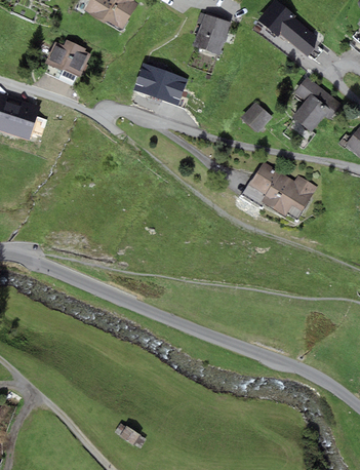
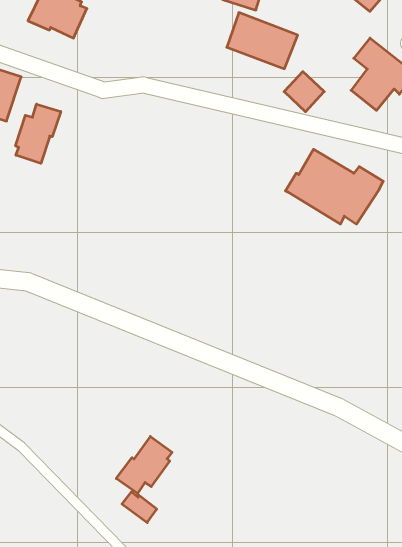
building: [133,63,188,106] -> [227,13,298,69]
building: none -> [16,104,61,163]
building: none -> [116,436,172,493]

